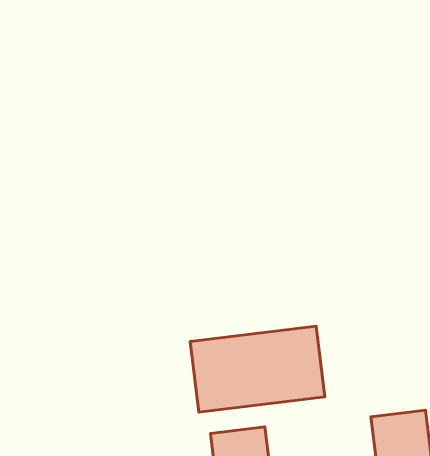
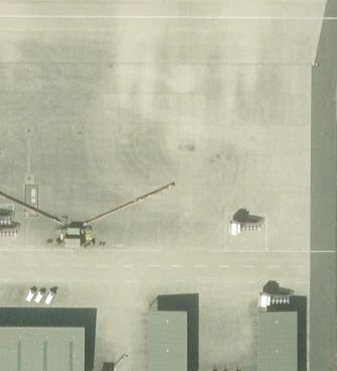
building: [190,326,325,412] -> none

